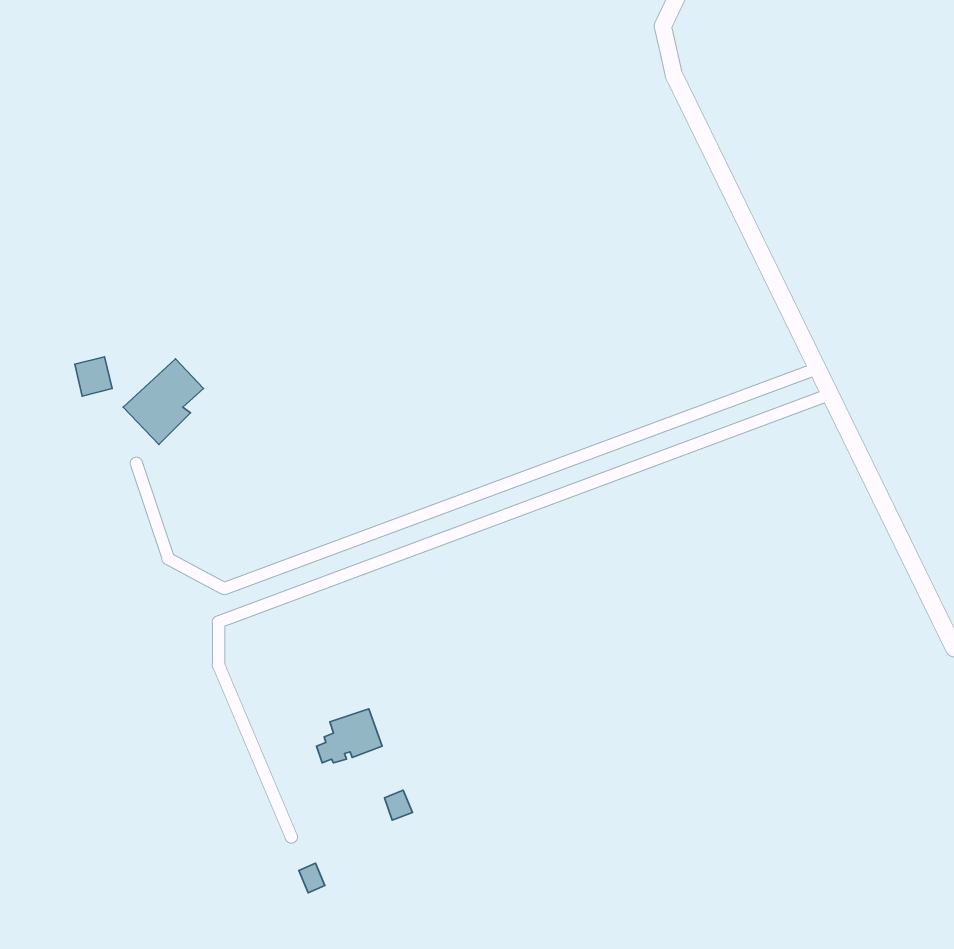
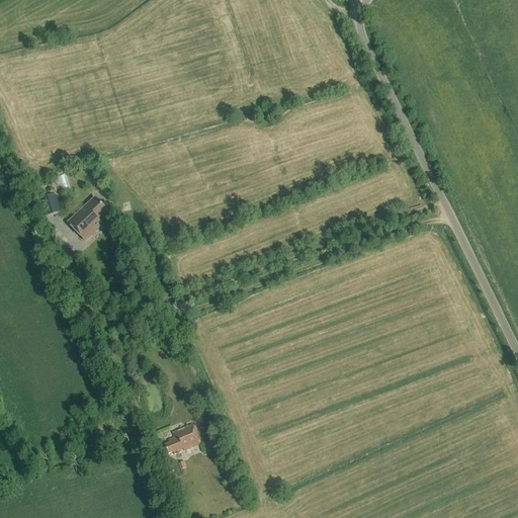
building: [317,709,382,763] -> [165,423,200,452]

